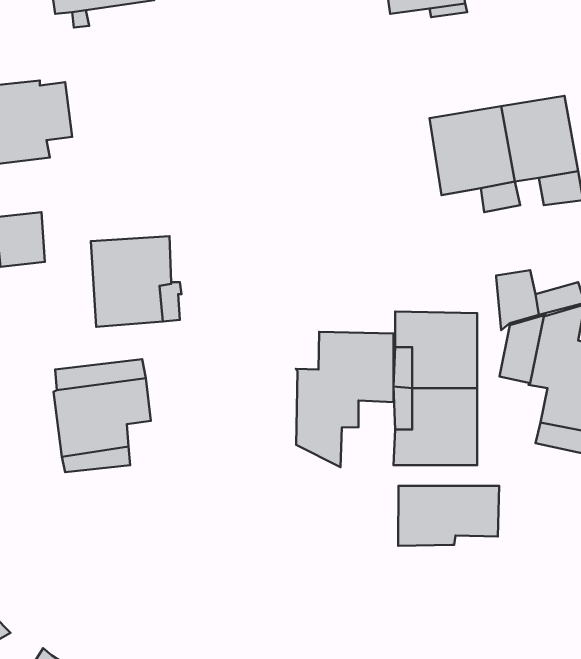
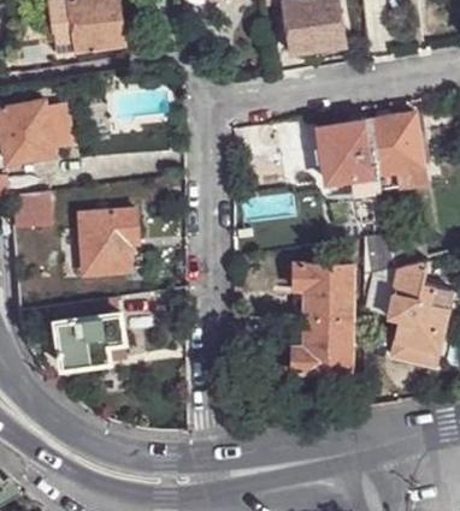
building: [296,332,394,467] -> none
building: [398,486,499,546] -> none

